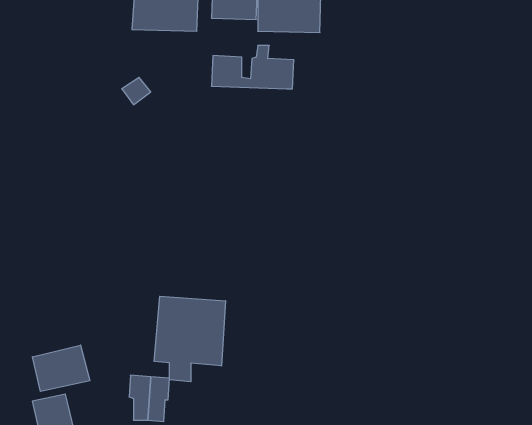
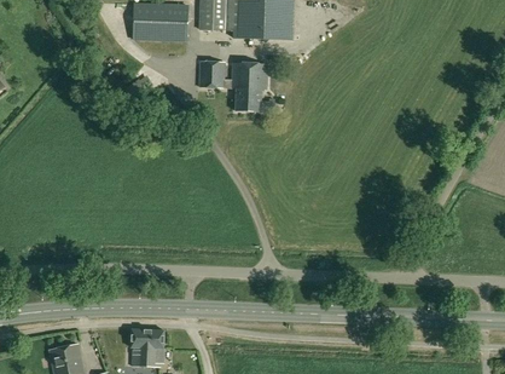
building: none -> [234,88,273,113]
building: [154,296,226,382] -> none
building: [32,345,90,391] -> none

